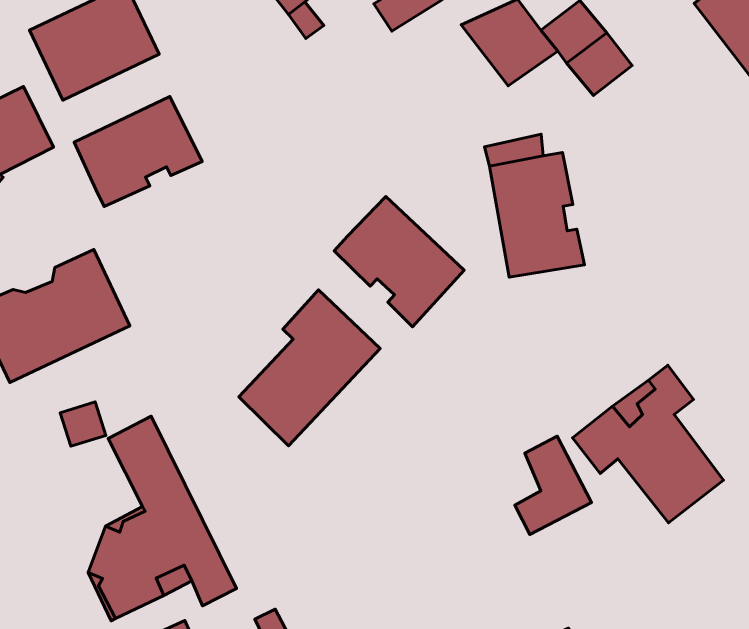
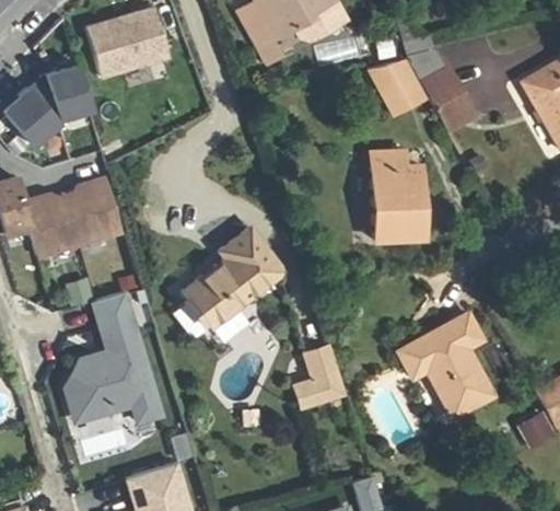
building: [74,97,202,207] -> none
building: [334,196,464,327] -> none
building: [515,436,592,535] -> [295,346,346,407]

